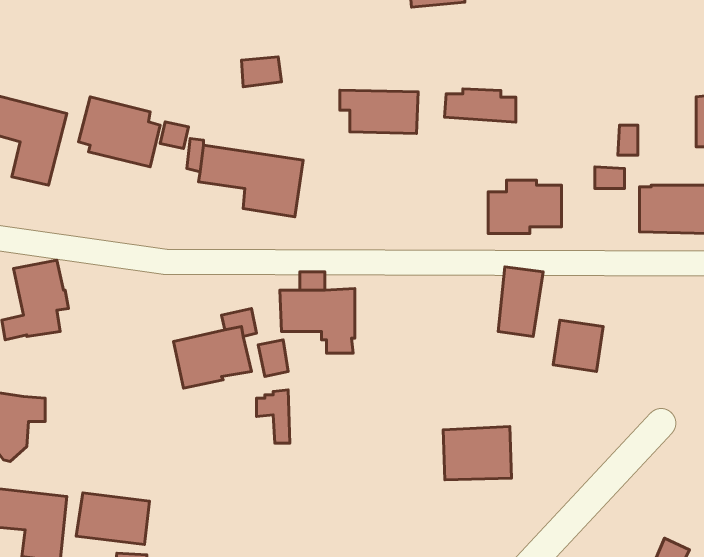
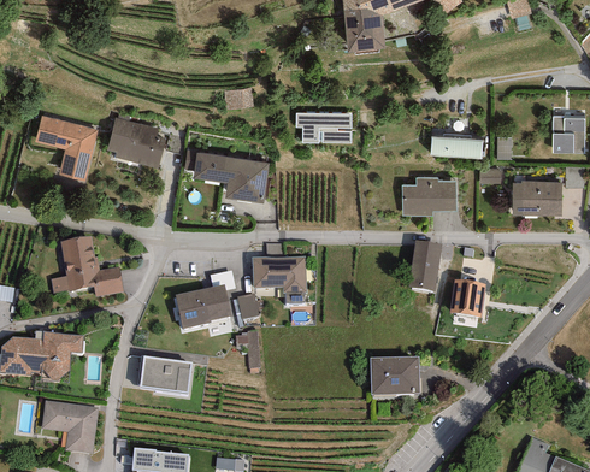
building: [444,89,516,122] -> [430,134,482,158]
building: none -> [90,266,123,296]
building: [76,493,149,545] -> [138,355,191,393]

